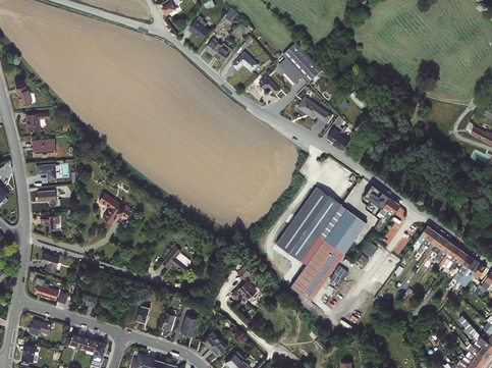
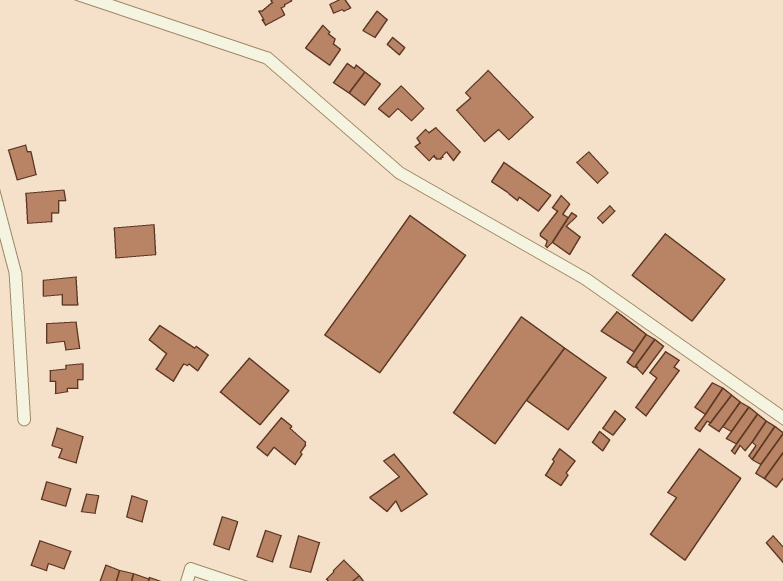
building: none -> [325,215,466,373]
building: [31,139,55,158] -> [114,225,156,258]
building: none -> [632,234,725,321]
building: none -> [220,358,289,425]
building: [289,236,342,302] -> [650,449,741,560]

